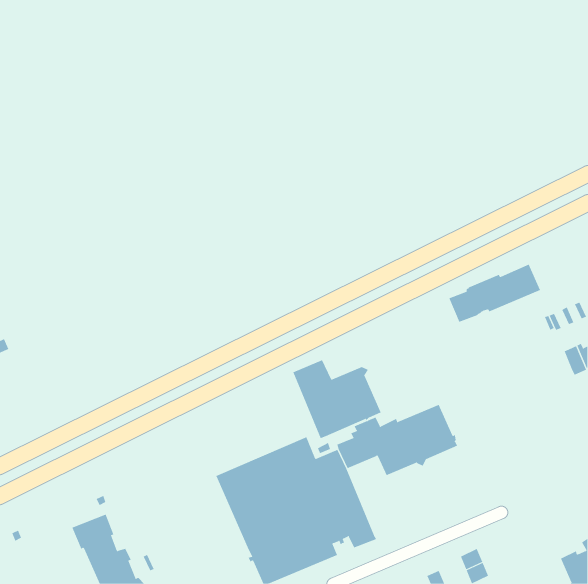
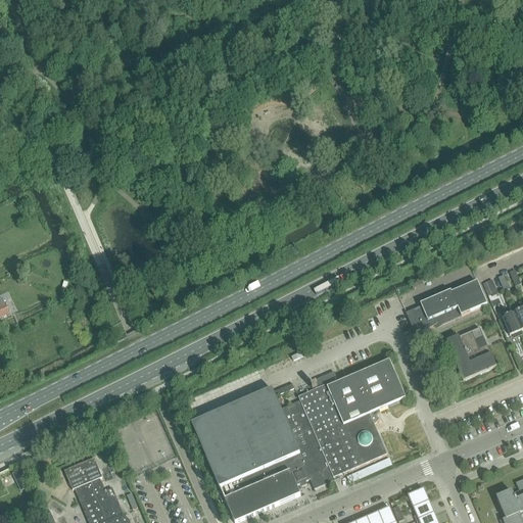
building: [449,264,541,323] -> [406,279,487,331]
building: [293,359,381,439] -> [307,405,386,475]
building: none -> [445,326,495,379]

